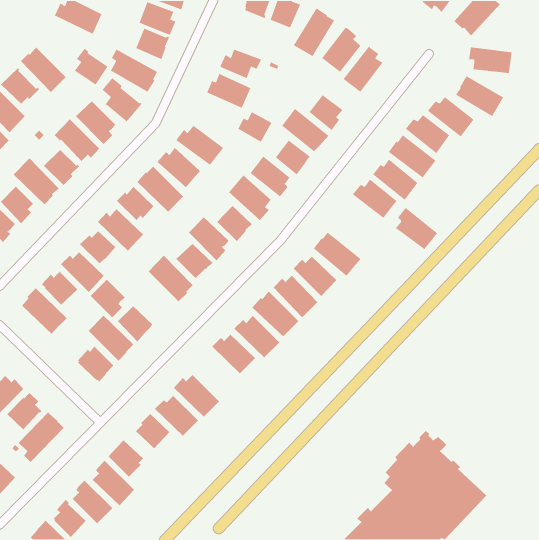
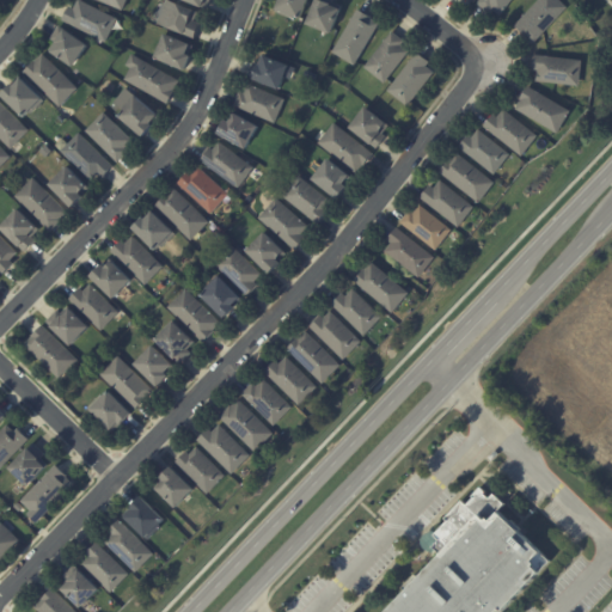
building: [74,47,109,86] -> [45,22,85,65]
building: [237,111,273,143] -> [218,112,258,148]
building: [395,207,438,250] -> [385,227,434,276]
building: [90,279,126,318] -> [153,320,194,365]
building: none -> [219,398,271,452]

